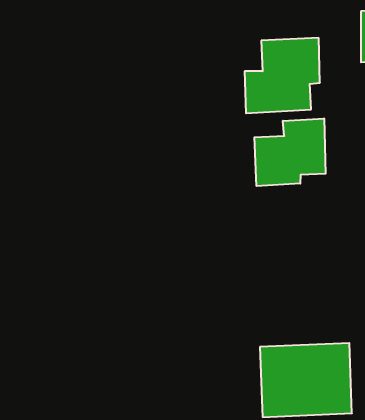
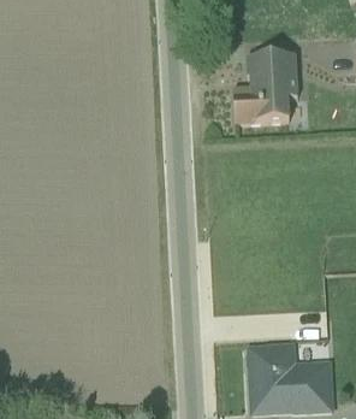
building: [254,118,326,186] -> none

